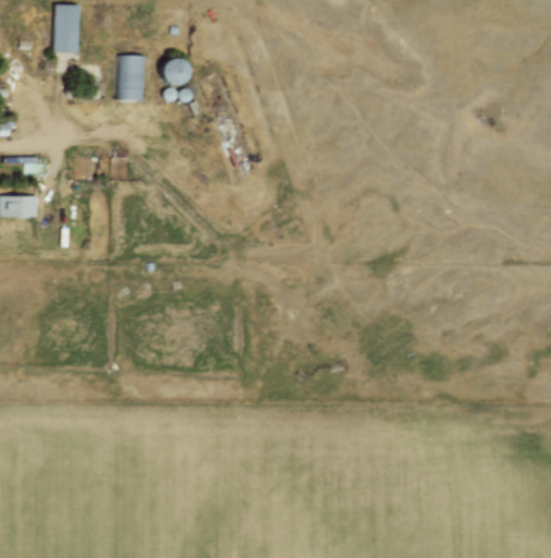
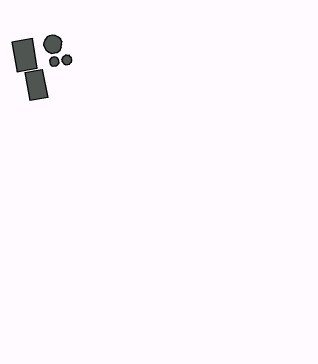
building: none -> [25,70,48,100]

